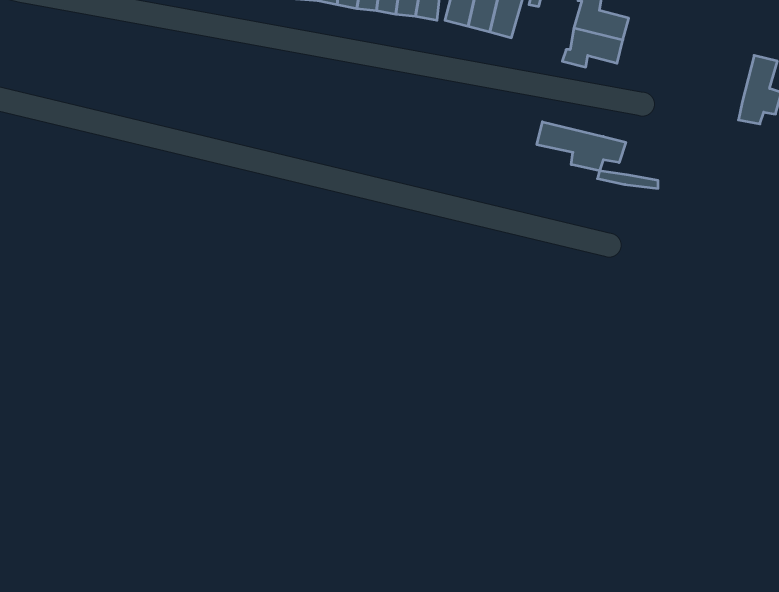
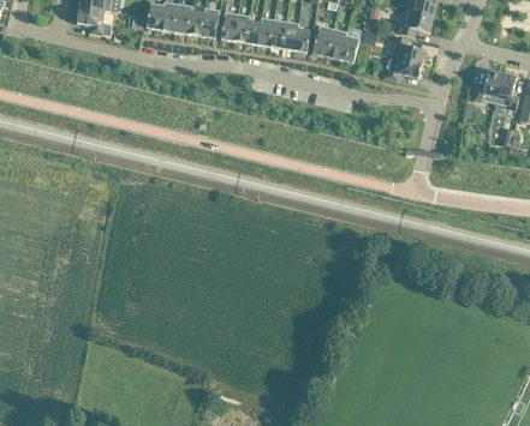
building: none -> [474,70,502,102]
building: [537,122,626,171] -> none

